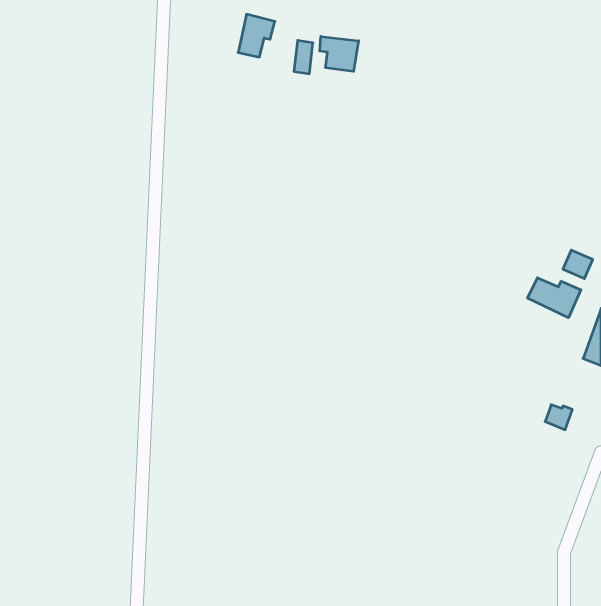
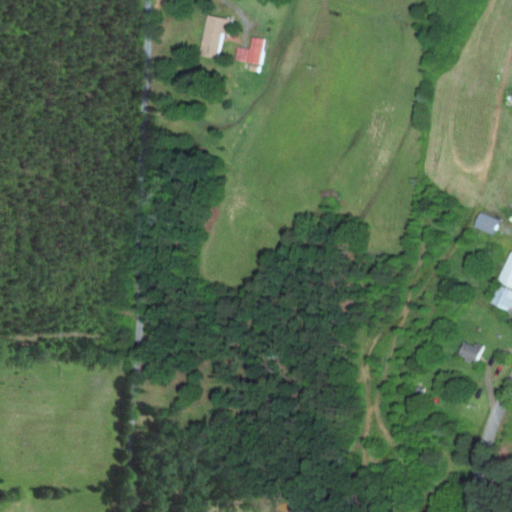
building: [320,36,359,71] -> none
building: [528,278,581,318] -> none

